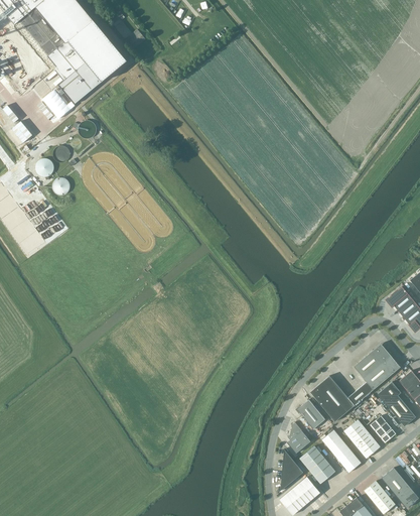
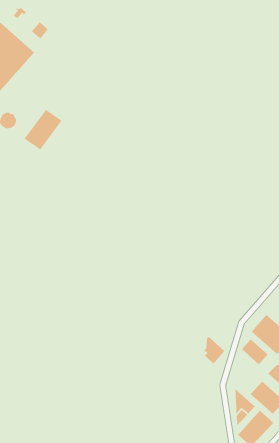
building: none -> [24,109,63,151]
building: [287,422,310,454] -> [203,336,225,364]

